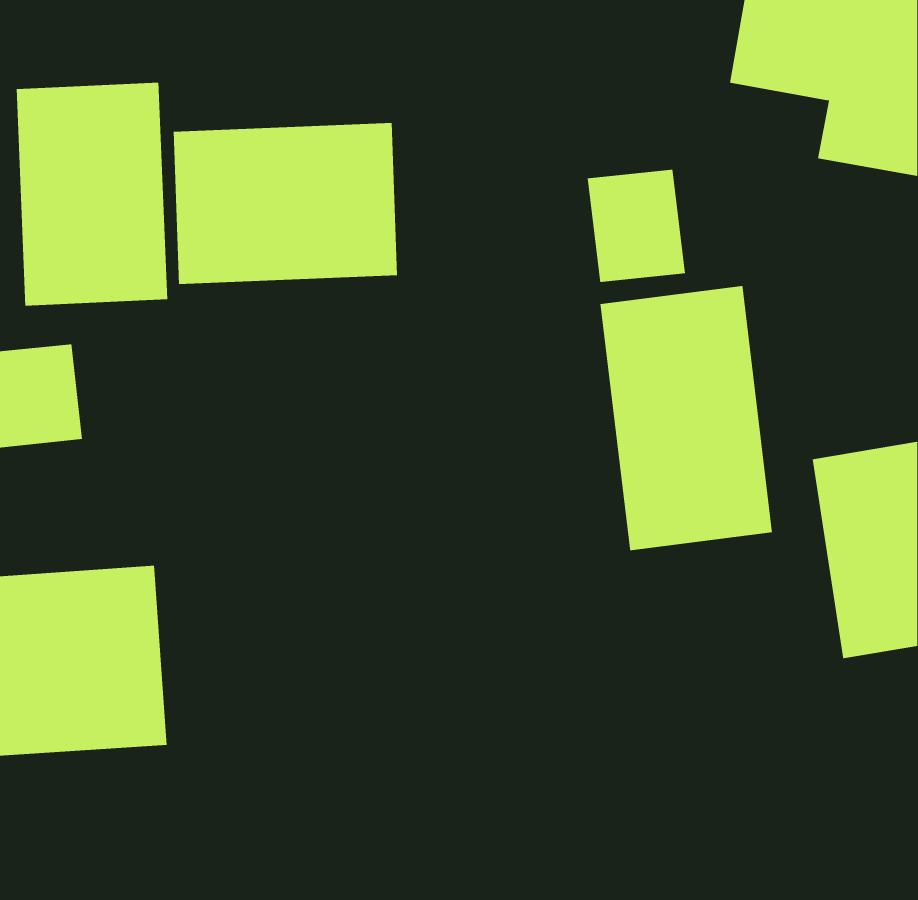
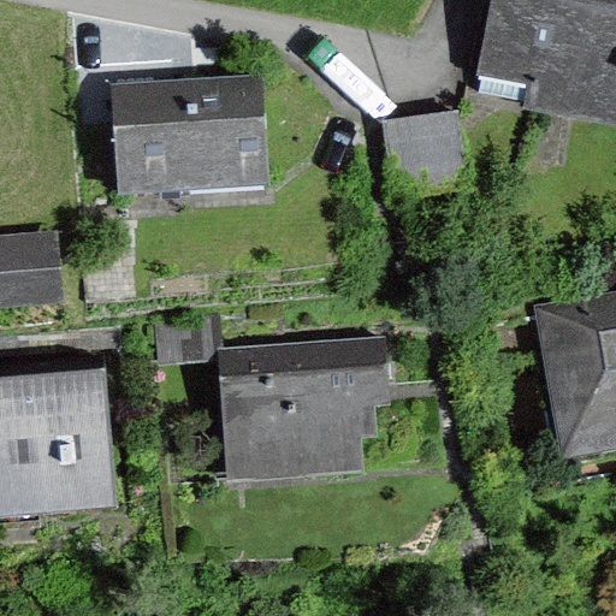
building: [16,82,168,307] -> none
building: [600,285,773,551] -> none
building: none -> [221,340,386,478]

